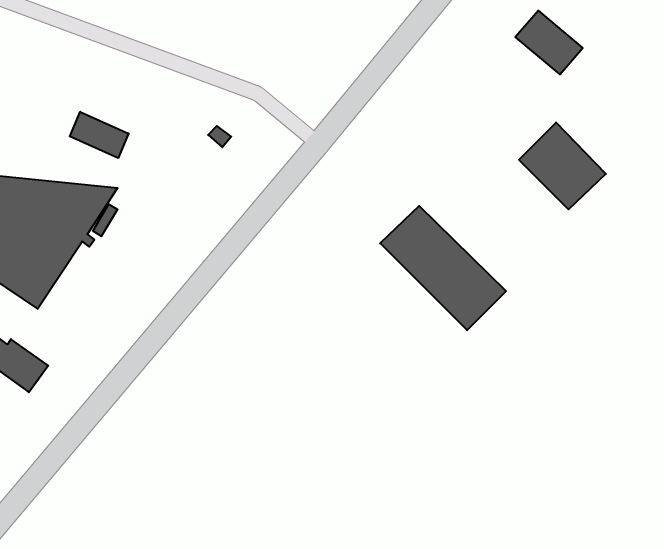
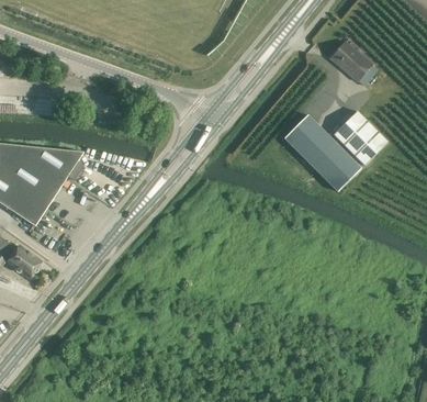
building: [70,112,129,158] -> none
building: [380,206,506,330] -> [284,114,362,191]

